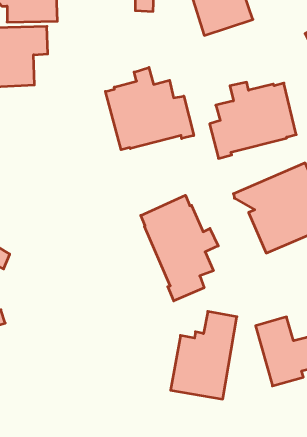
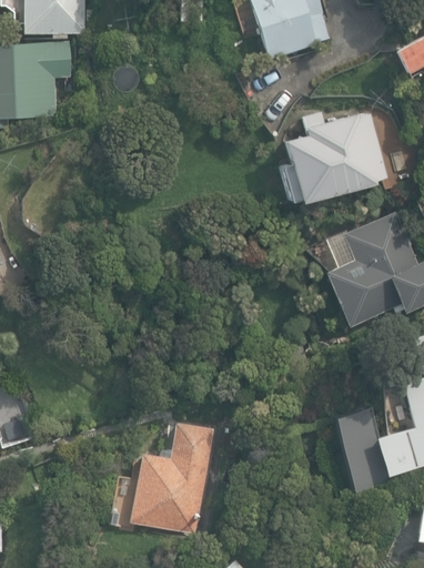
building: [105,67,194,150] -> none
building: [141,195,218,301] -> none
building: [171,311,237,399] -> [131,423,214,532]

